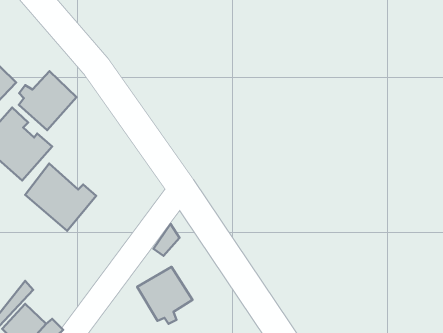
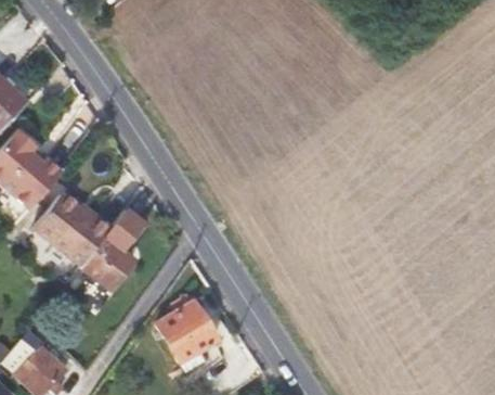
building: [19,71,77,130] -> none
building: none -> [82,211,142,289]

